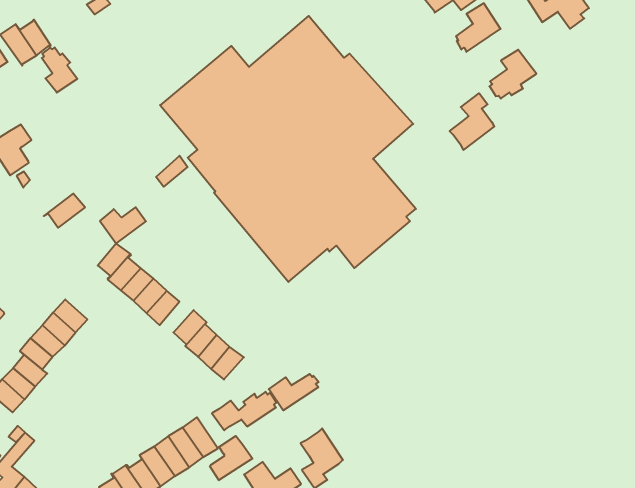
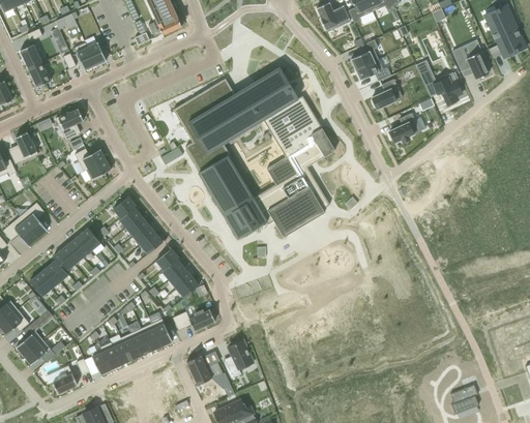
building: [42,47,77,93] -> none
building: [450,93,494,150] -> none
building: [100,207,146,244] -> [75,148,105,171]
building: [269,374,319,410] -> none
building: [210,436,252,480] -> none

